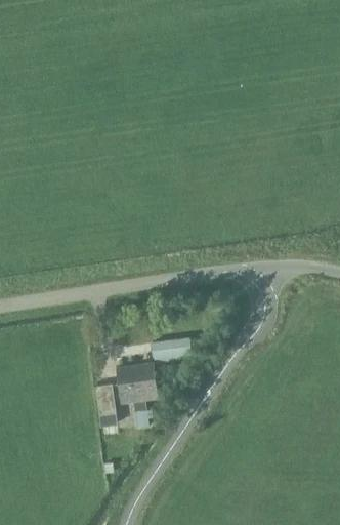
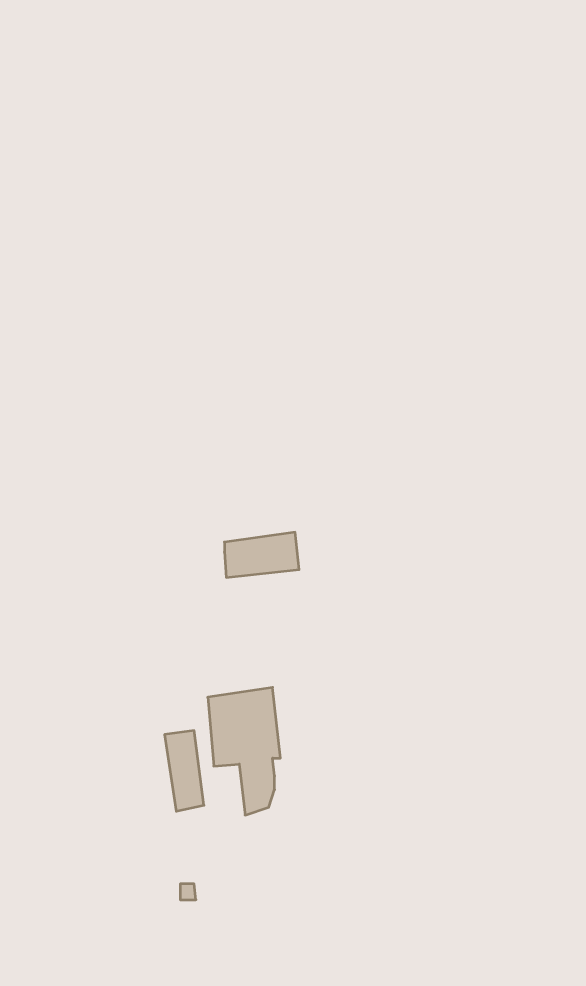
building: [152,338,190,362] -> [224,532,299,577]

